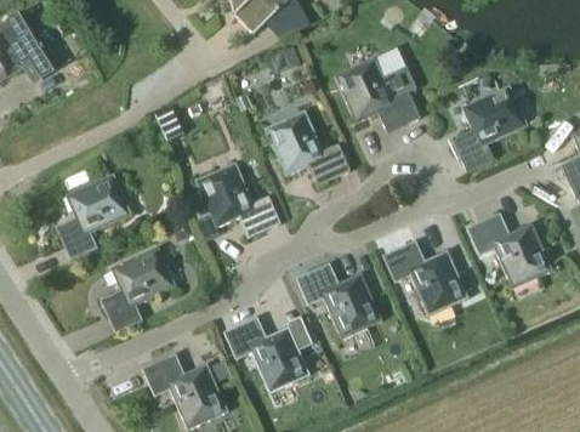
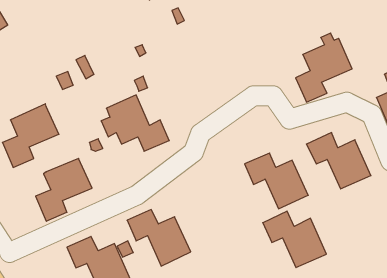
building: [334,57,420,133] -> none
building: [265,109,351,186] -> none
building: [296,262,382,339] -> [263,211,326,268]

